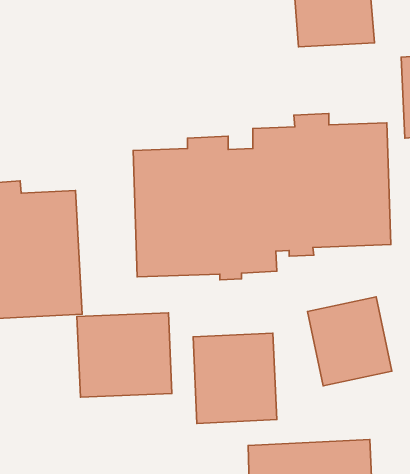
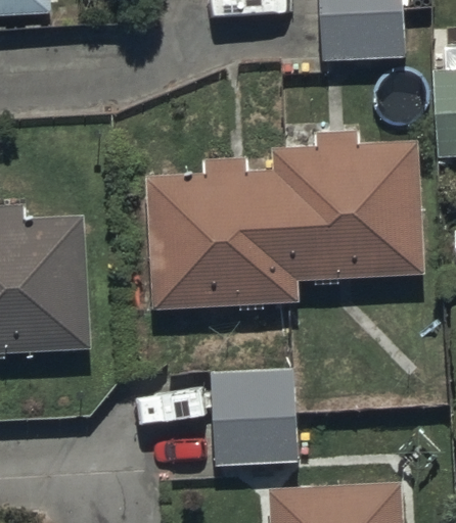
building: [307,297,392,386] -> none
building: [77,313,172,397] -> none

